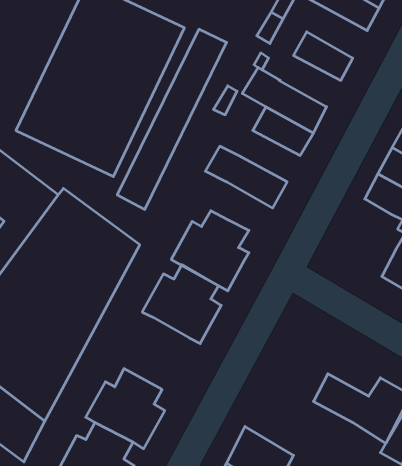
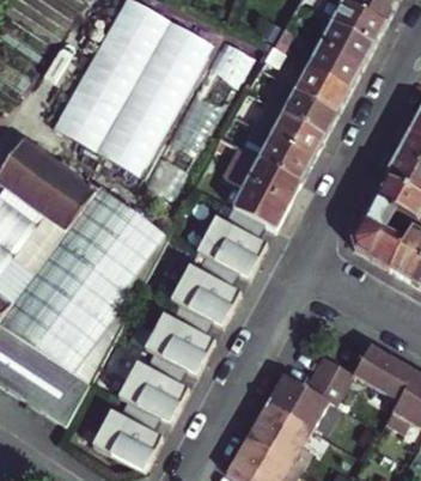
building: none -> [321,17,376,65]
building: none -> [295,62,352,109]
building: none -> [258,130,315,177]
building: none -> [233,177,289,226]
building: none -> [350,193,402,263]
building: none -> [146,300,216,371]
building: none -> [264,369,346,426]

